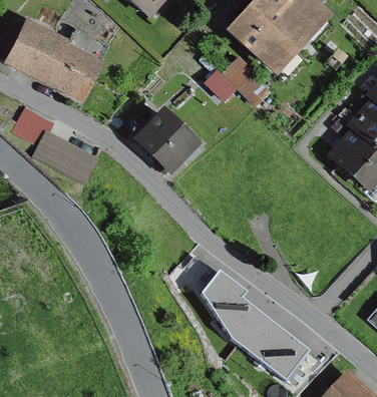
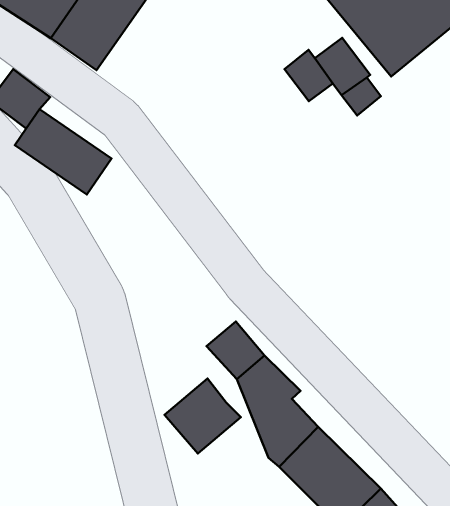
building: [132,107,200,174] -> none
building: none -> [165,378,241,454]

